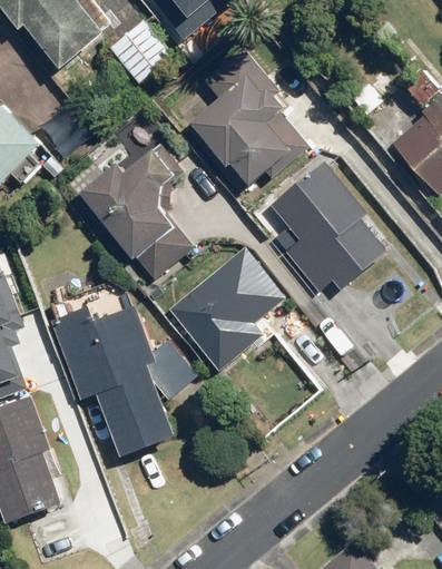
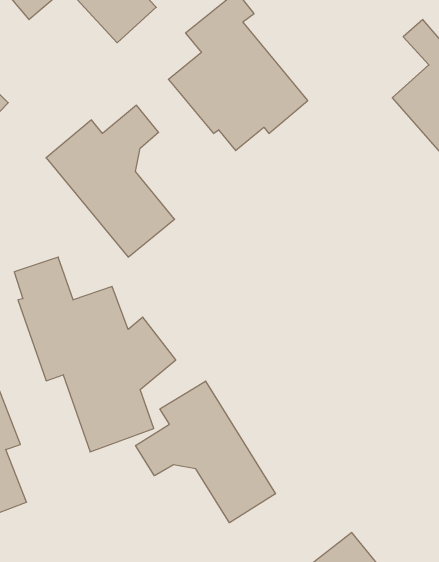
building: [264,154,386,296] -> none
building: [169,244,288,370] -> none
building: none -> [136,381,275,523]

